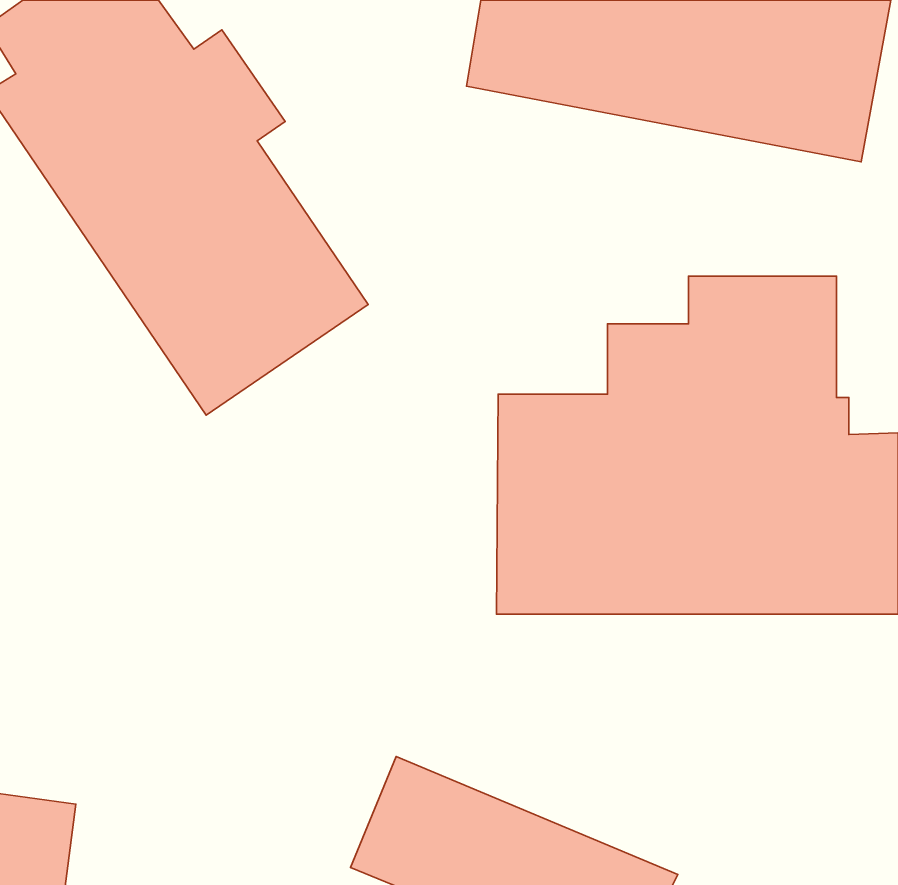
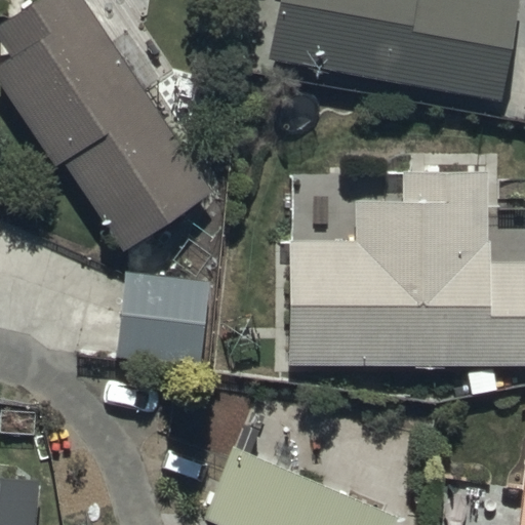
building: none -> [118,273,210,366]

